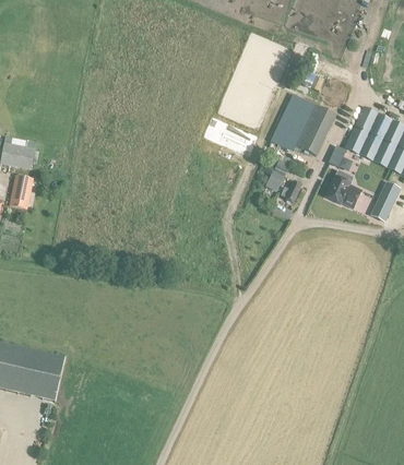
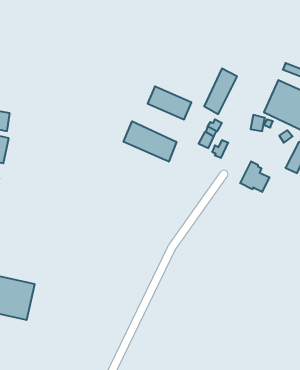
building: [292,103,336,156] -> none
building: none -> [124,121,176,162]
building: [325,170,361,207] -> [240,161,270,192]

